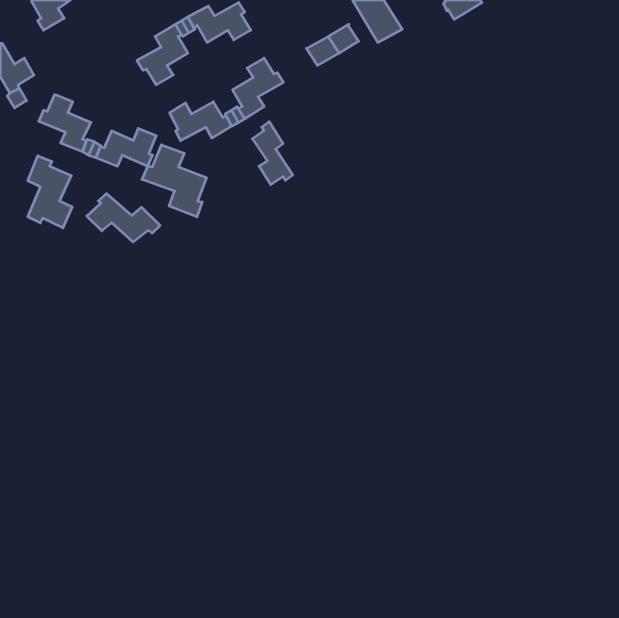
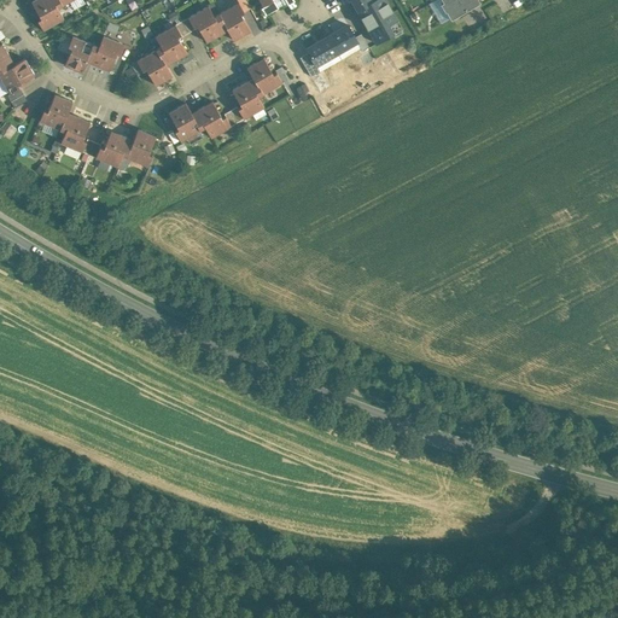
building: none -> [64,36,124,74]
building: [252,122,293,185] -> none
building: [142,145,206,217] -> none
building: [28,156,72,228] -> none
building: [87,194,160,242] -> none

